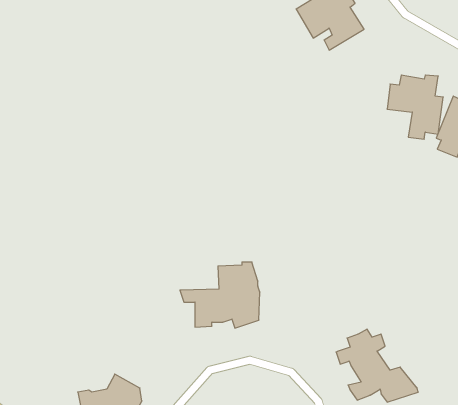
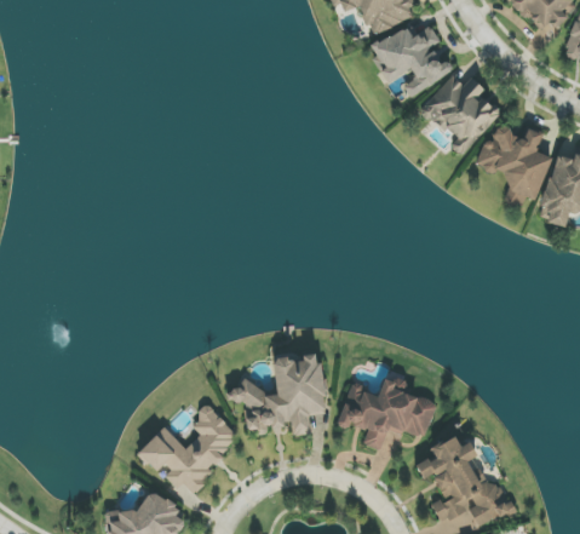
building: none -> [423,74,500,155]
building: none -> [337,380,437,449]
building: none -> [137,402,240,493]

